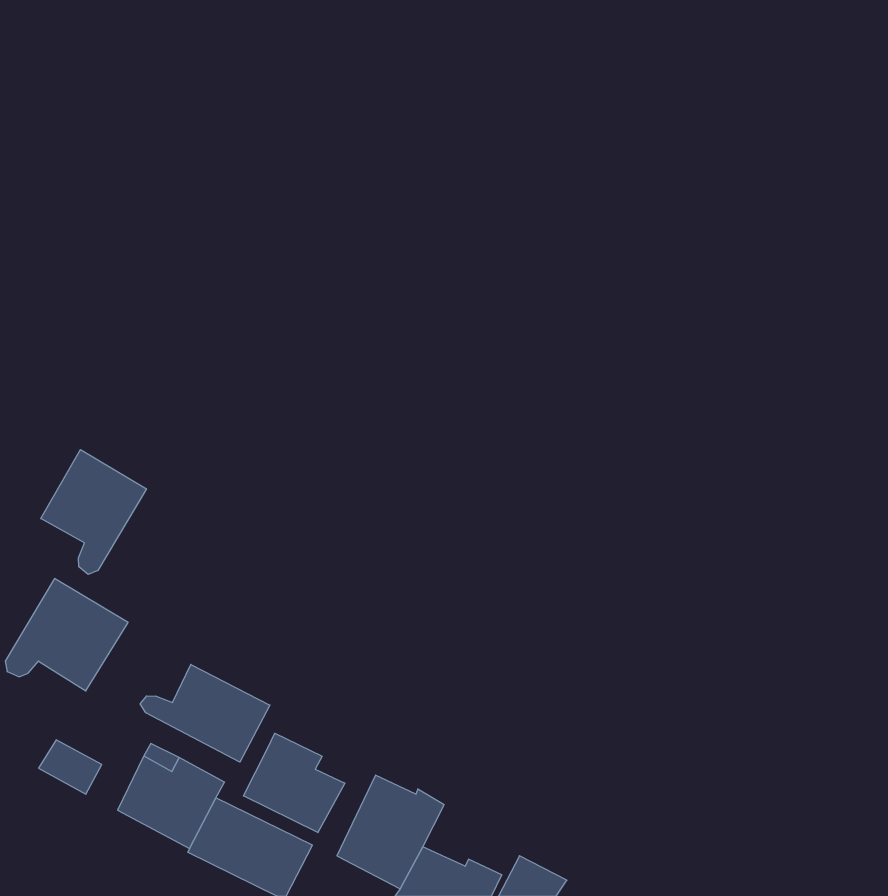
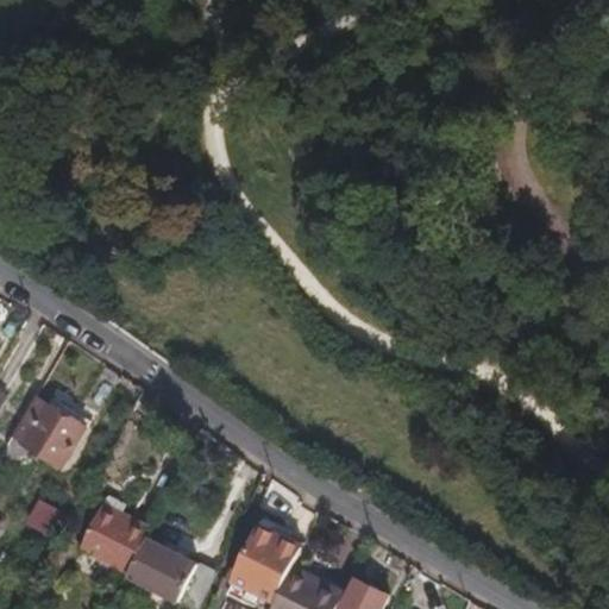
building: [41,450,146,574] -> none
building: [140,664,270,762] -> none
building: [243,733,345,833] -> none

